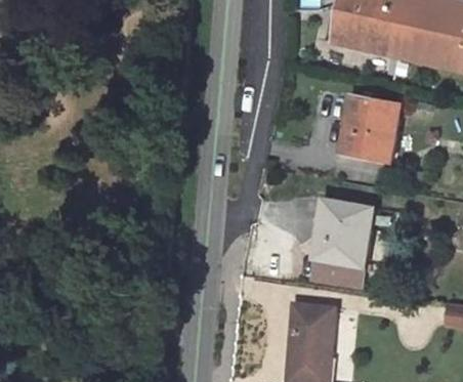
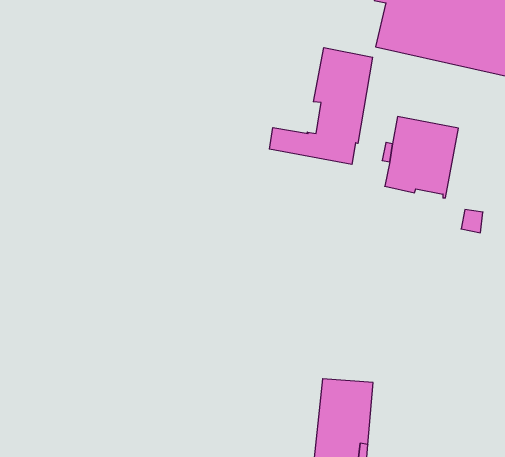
building: none -> [269,48,373,164]
building: [308,202,370,288] -> none

